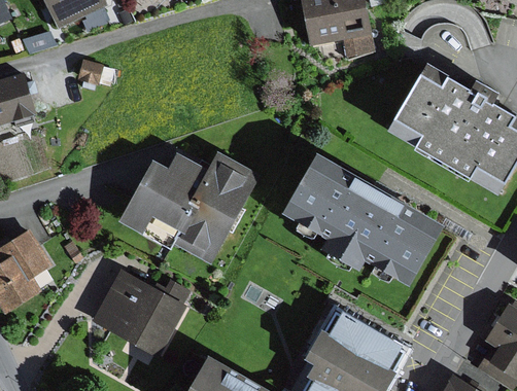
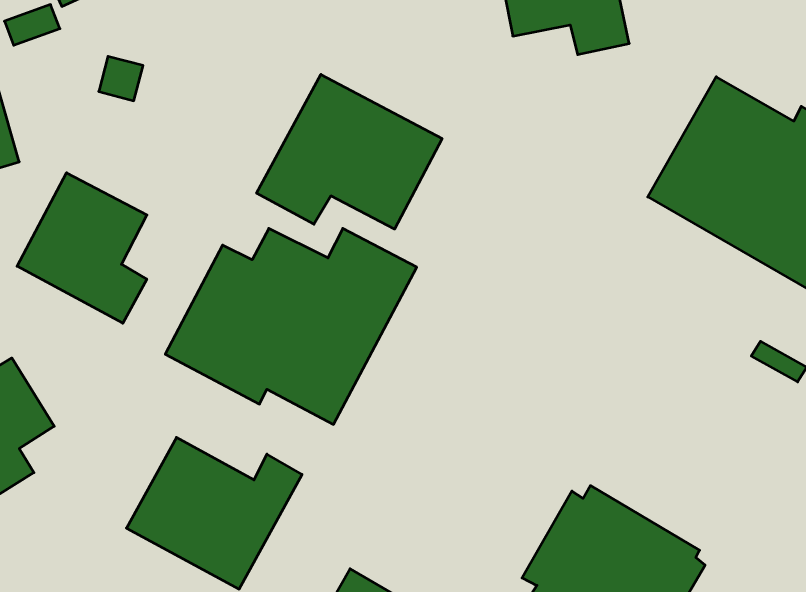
building: none -> [257,74,442,229]
building: none -> [17,173,147,323]
building: [279,159,439,288] -> none

